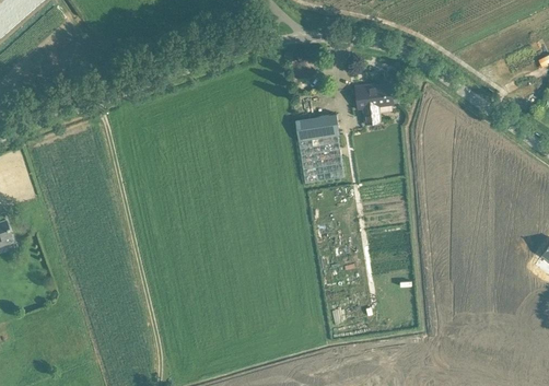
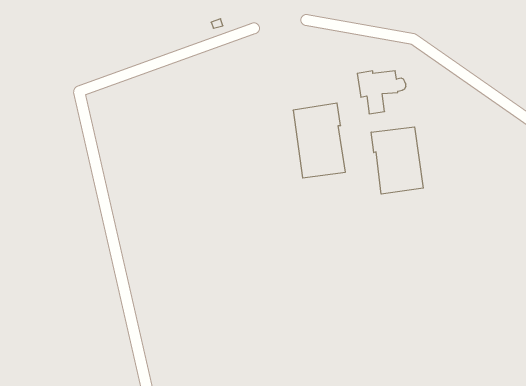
building: none -> [371,127,423,194]

